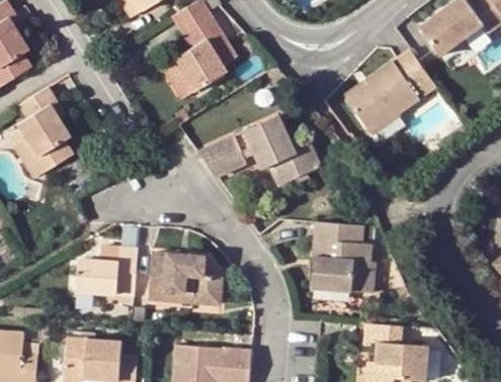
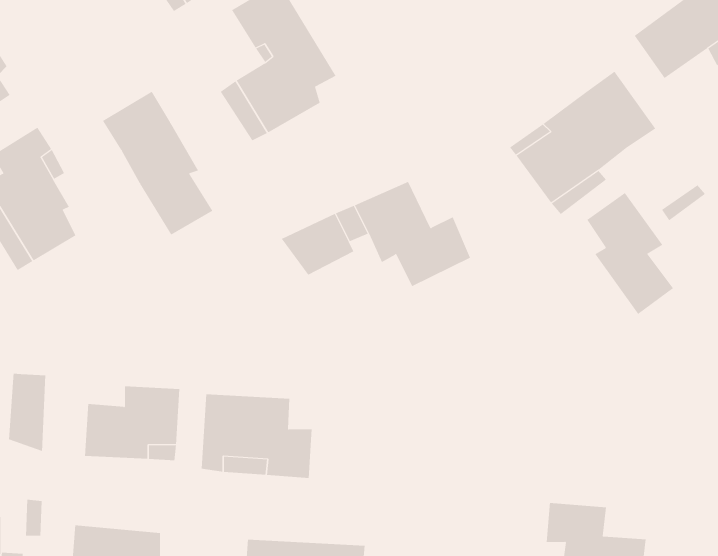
building: none -> [102,91,213,236]
building: none -> [587,192,674,315]
building: [313,221,375,293] -> none
building: none -> [9,373,46,452]

